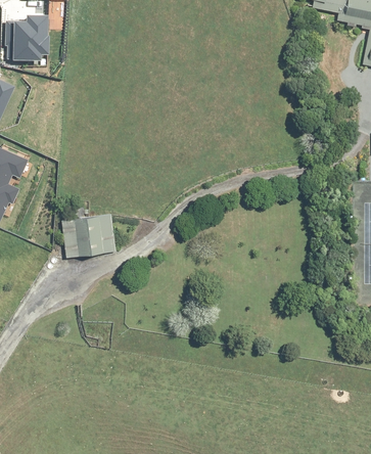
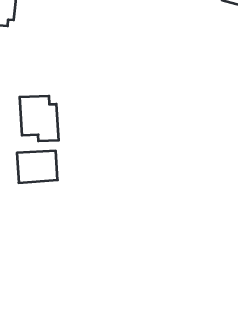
building: none -> [20,96,59,141]

